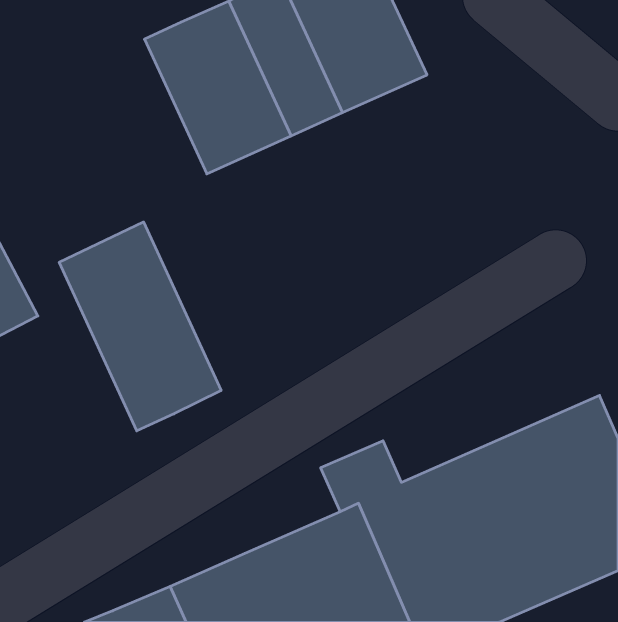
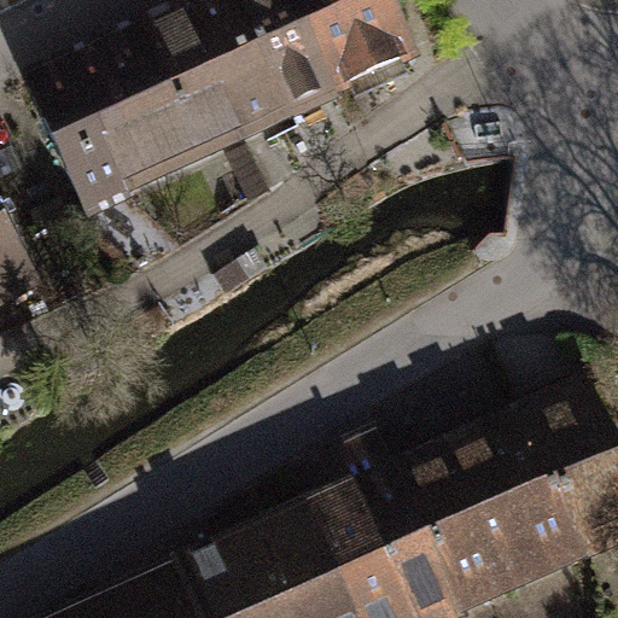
building: none -> [25,39,204,226]
building: [59,222,221,431] -> none

